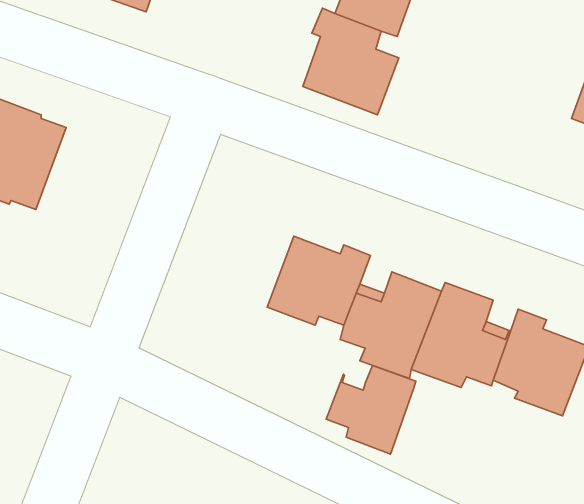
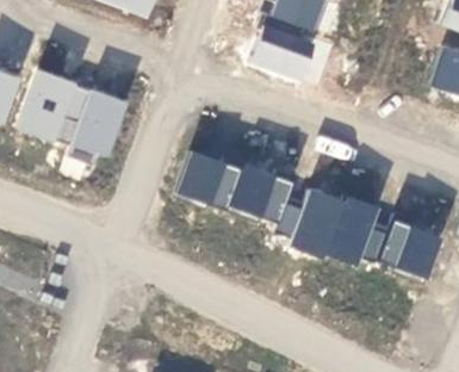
building: none -> [66,88,126,165]
building: none -> [173,149,243,210]
building: [326,365,416,454] -> none

